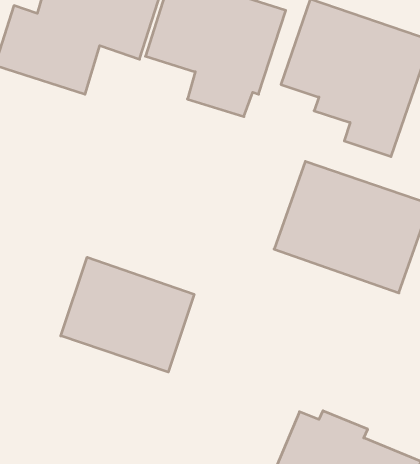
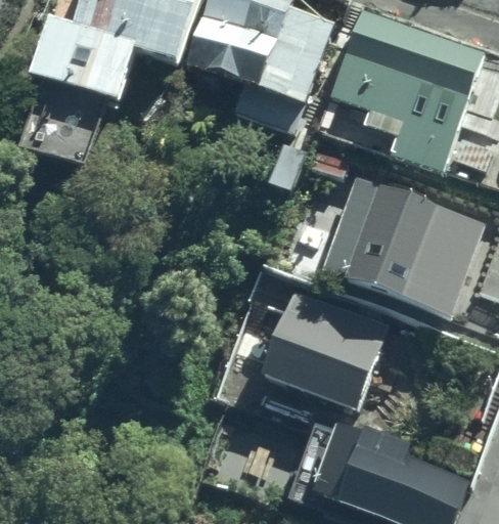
building: [61,257,194,372] -> none
building: none -> [263,288,388,407]

